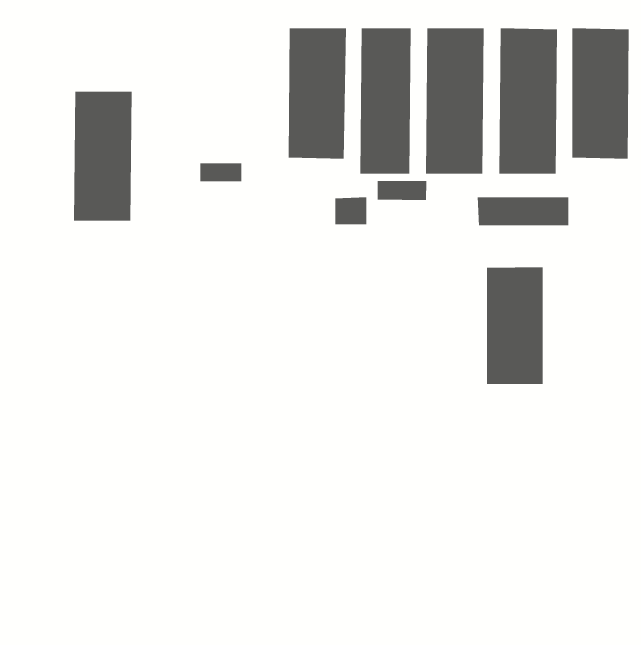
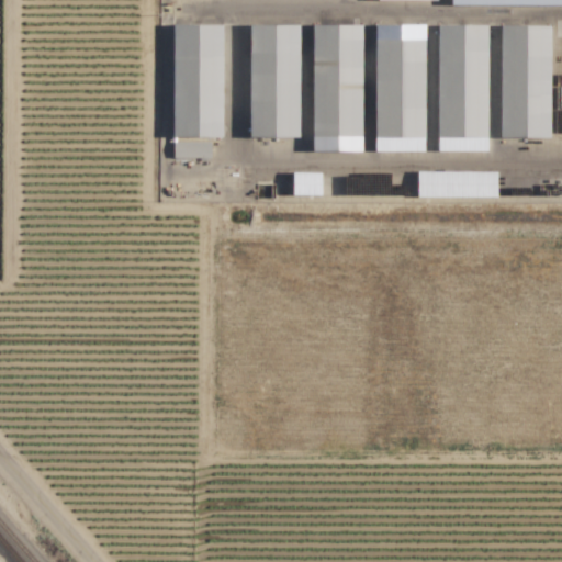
building: [73,91,133,221] -> [176,24,227,137]
building: [377,180,427,201] -> none
building: [487,266,543,385] -> none

